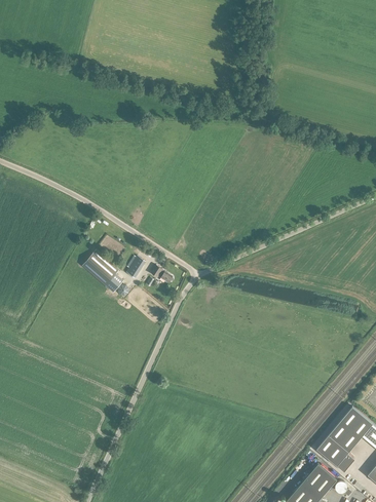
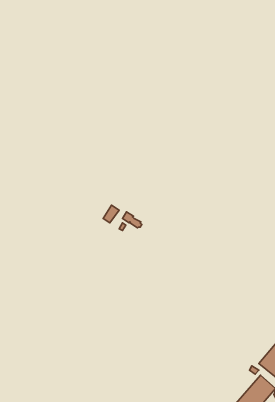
building: [82,249,119,285] -> none

